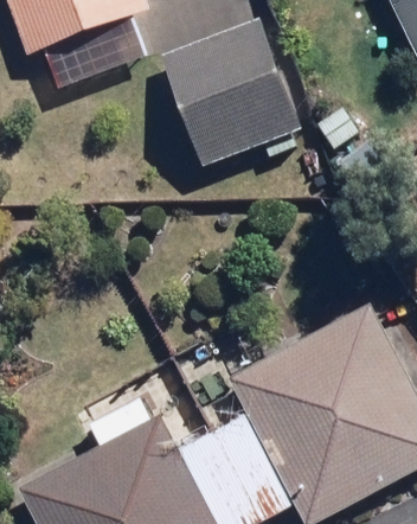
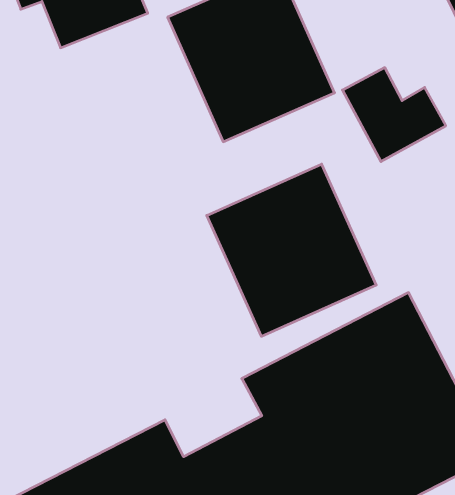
building: none -> [207,164,376,336]

